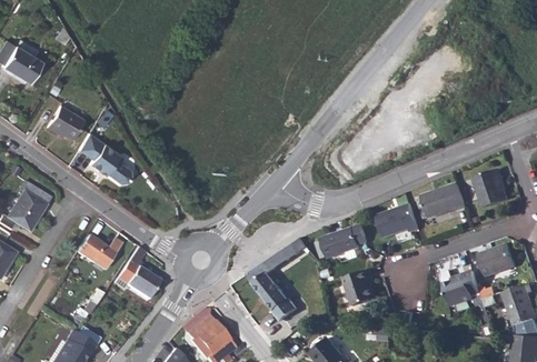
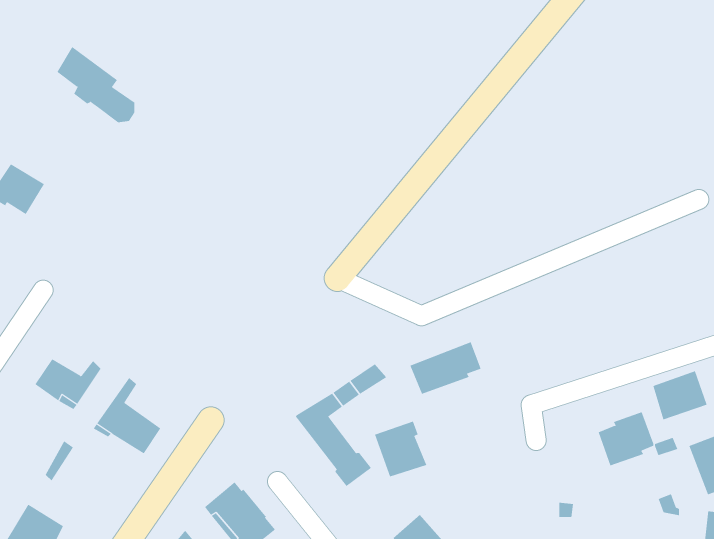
building: [80,135,131,185] -> [56,46,135,123]
building: [474,170,508,210] -> none
building: [416,181,465,215] -> none
building: [376,203,419,238] -> none
building: [342,269,377,305] -> [374,421,427,477]

